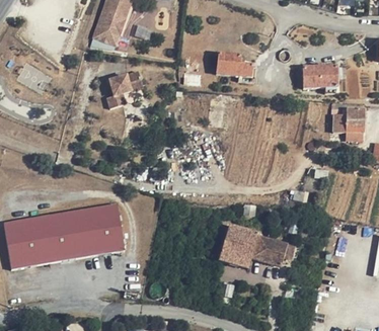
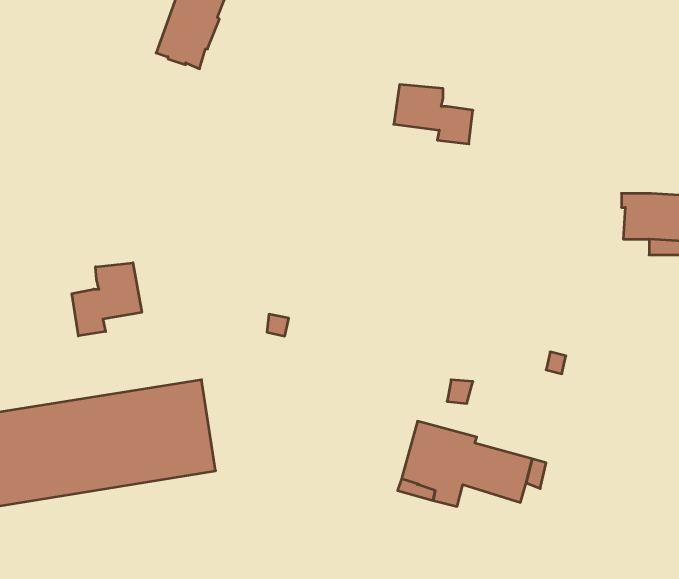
building: [303,66,337,88] -> none
building: [105,71,140,108] -> none
building: none -> [72,263,142,336]

